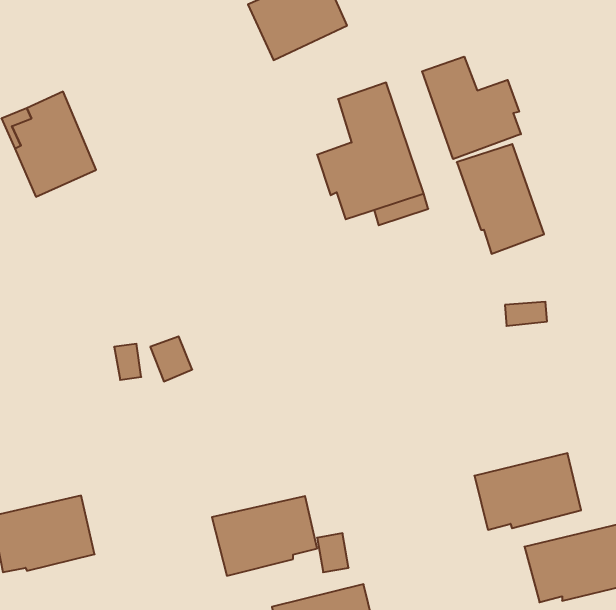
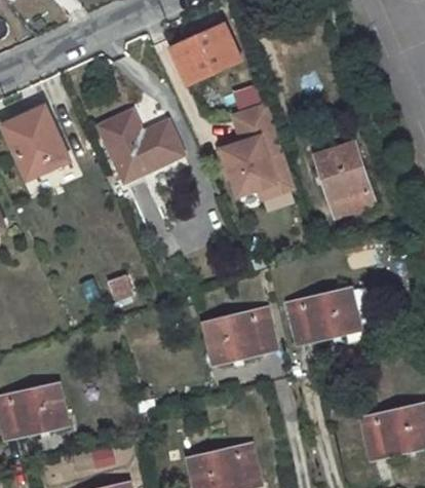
building: [422,57,521,159] -> none
building: none -> [100,111,182,180]
building: [474,453,581,530] -> [287,289,360,341]
building: [212,496,317,576] -> [203,309,275,364]

